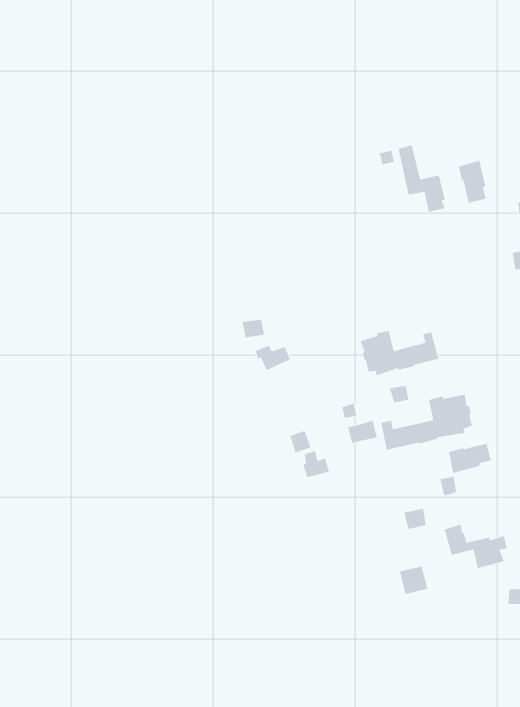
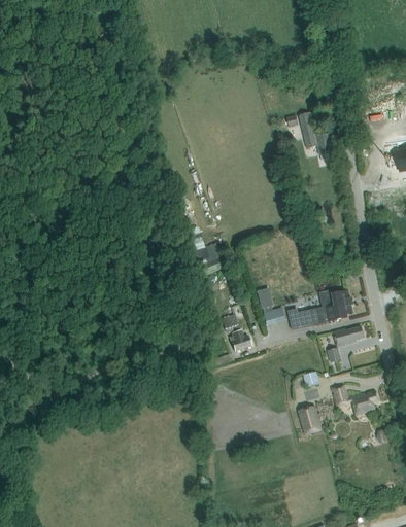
building: [458,160,486,203] -> none
building: [360,330,439,376] -> none

